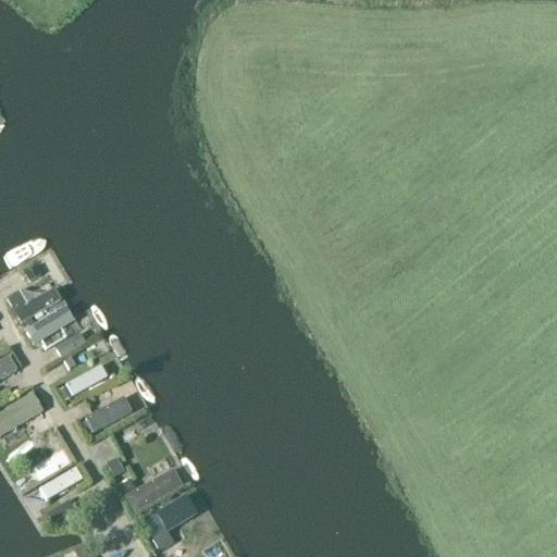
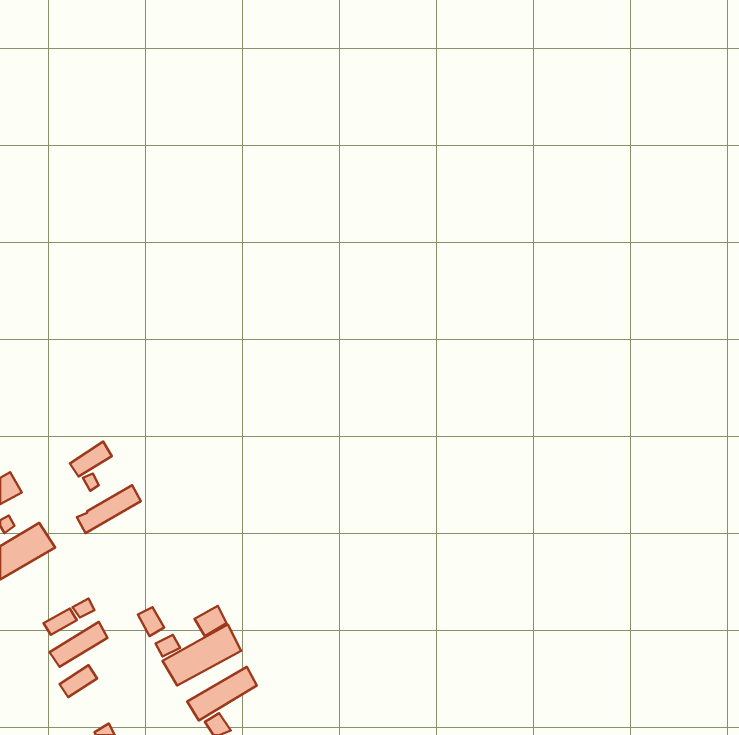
building: [7,287,61,323] -> none
building: [25,306,74,345] -> none
building: [85,394,133,431] -> none

